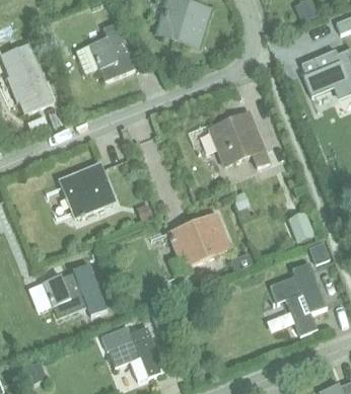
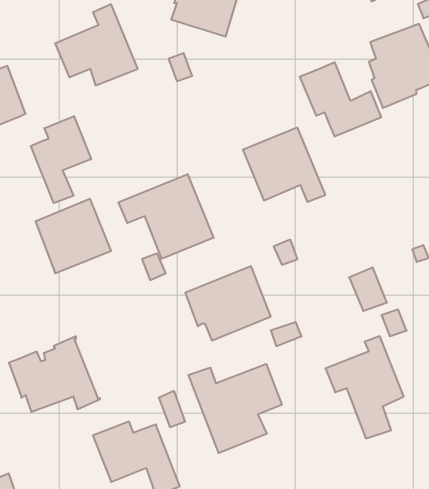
building: none -> [300,62,381,137]
building: none -> [31,116,91,203]
building: none -> [118,174,214,259]
building: none -> [188,364,282,453]

